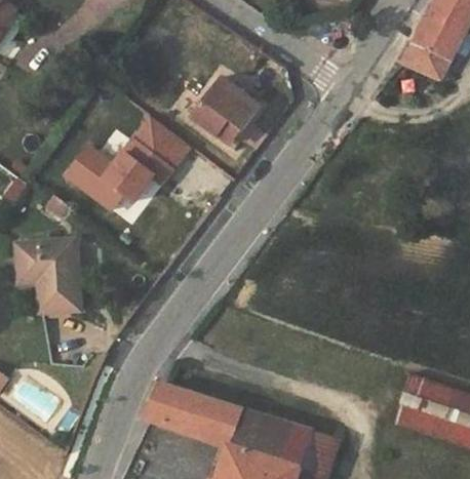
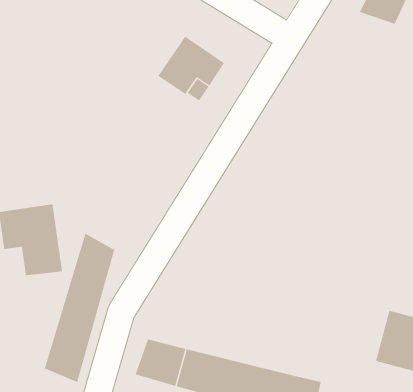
building: [60,114,191,214] -> none
building: none -> [44,233,115,383]

